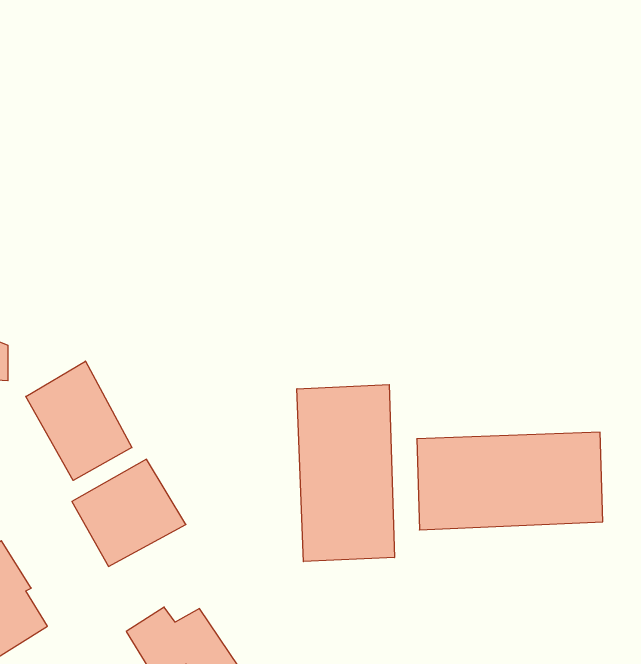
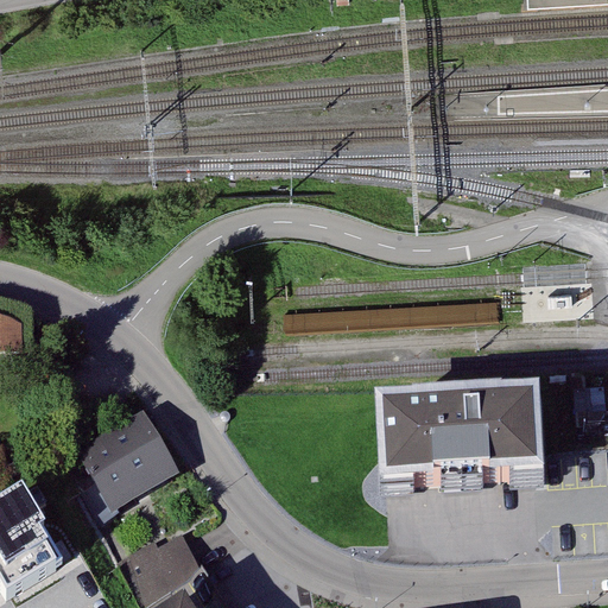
building: [26,361,132,480] -> none
building: [297,385,394,562] -> none

